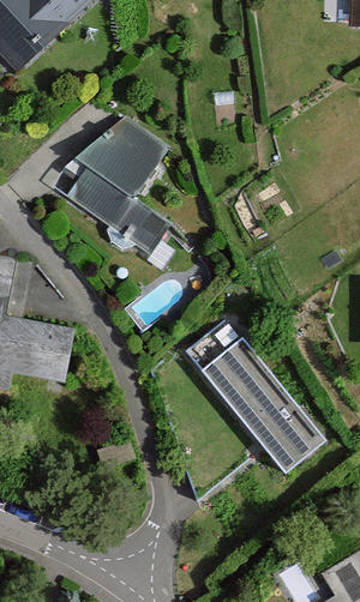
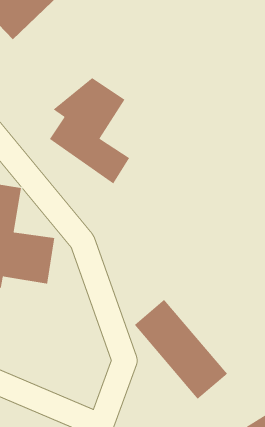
building: [198,331,320,462] -> [134,299,228,400]

